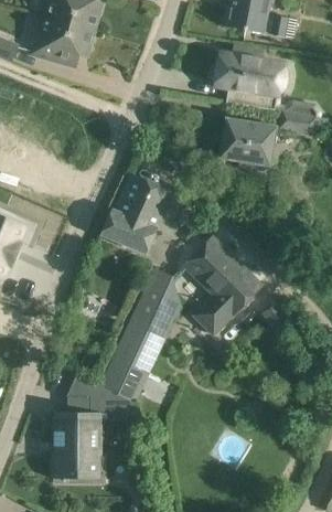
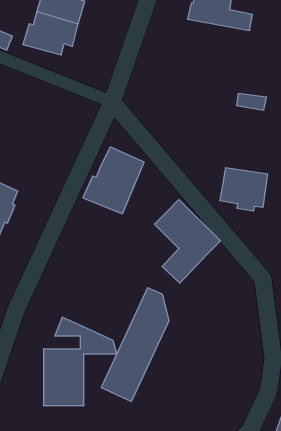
building: [212,46,283,109] -> none
building: [218,118,275,169] -> [220,168,268,211]
building: [99,268,179,402] -> [101,288,169,401]

